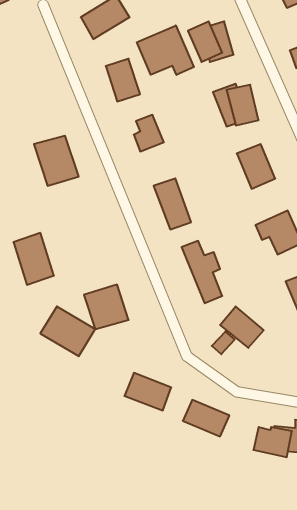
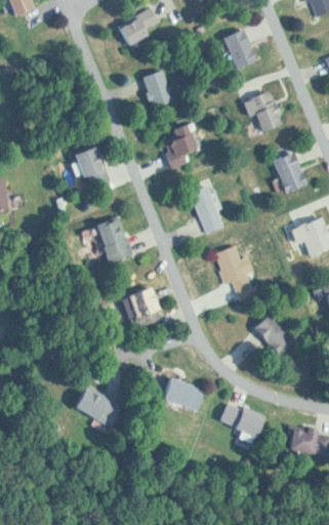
building: [137,25,194,75] -> none
building: [13,233,54,285] -> [92,213,132,265]
building: [40,306,95,356] -> [70,381,124,431]

